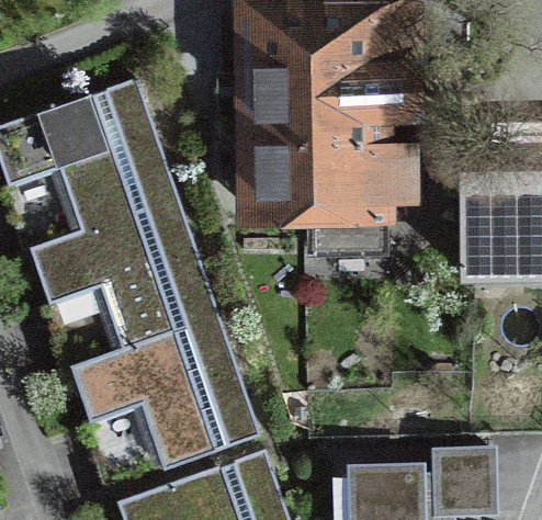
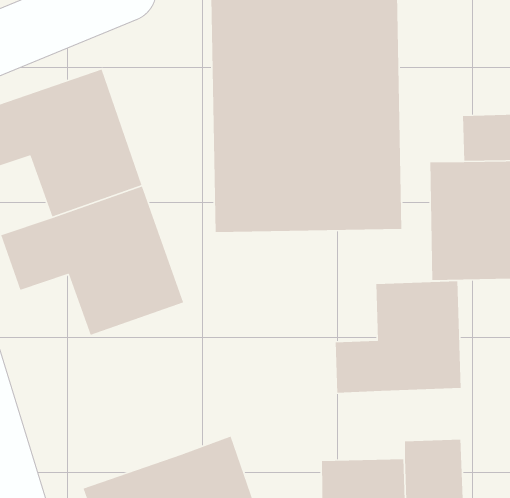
building: none -> [335,280,461,393]
building: [70,313,262,464] -> none

